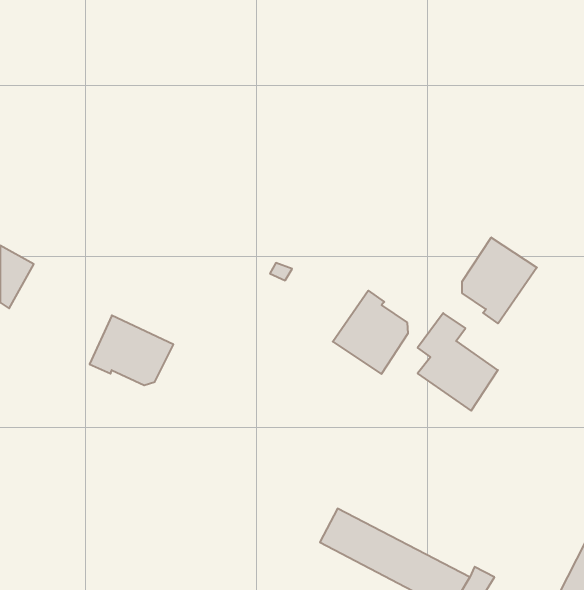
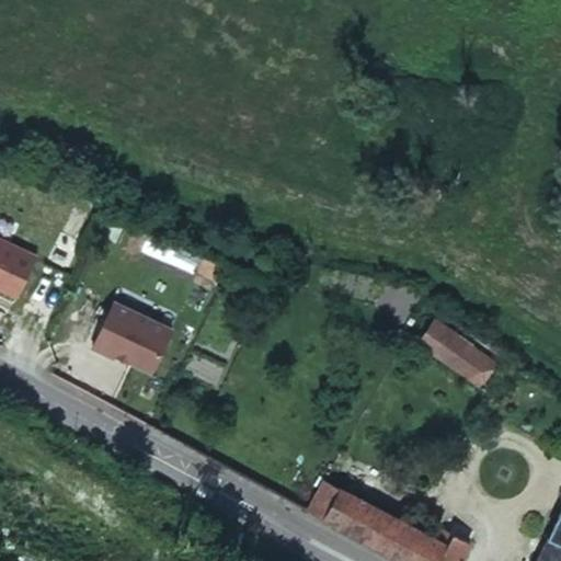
building: [462,237,537,323] -> none
building: [333,291,408,374] -> none

